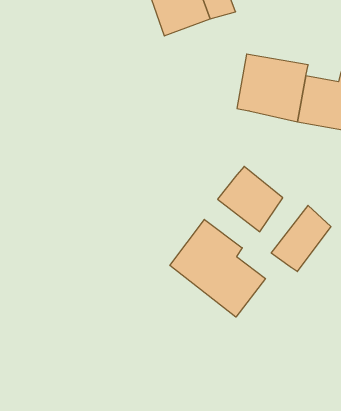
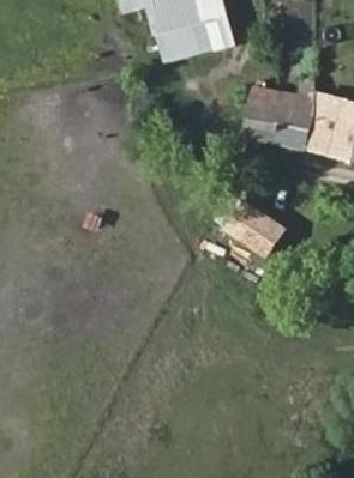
building: [271,205,331,272] -> none
building: [170,219,265,317] -> none

